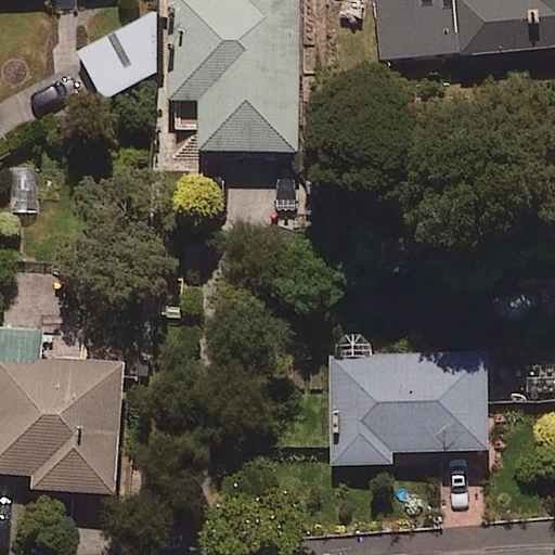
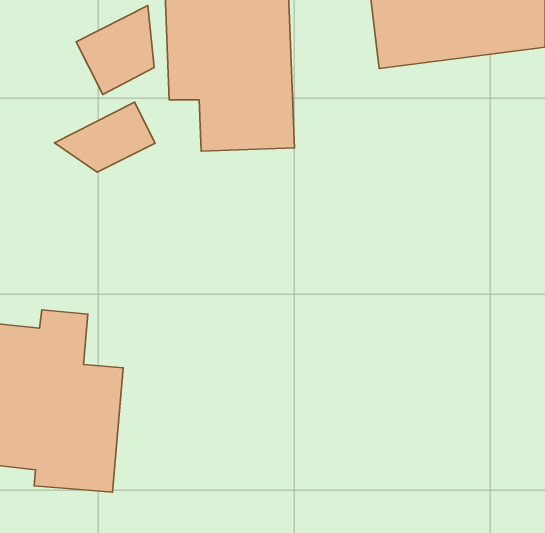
building: none -> [55,102,155,172]
building: [330,352,489,465] -> none

